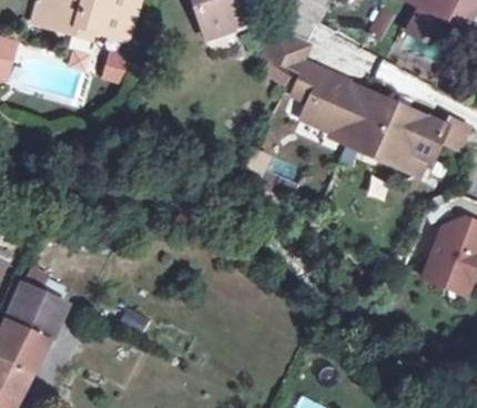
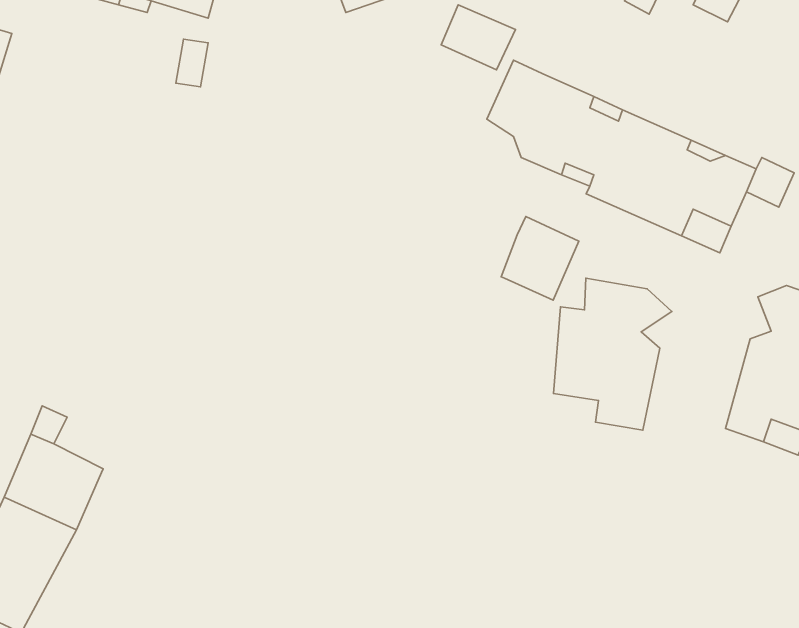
building: none -> [501,217,579,300]
building: none -> [554,278,672,430]

